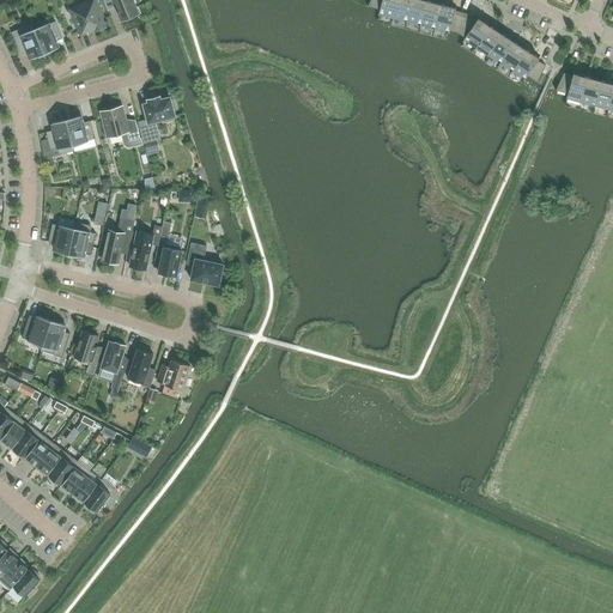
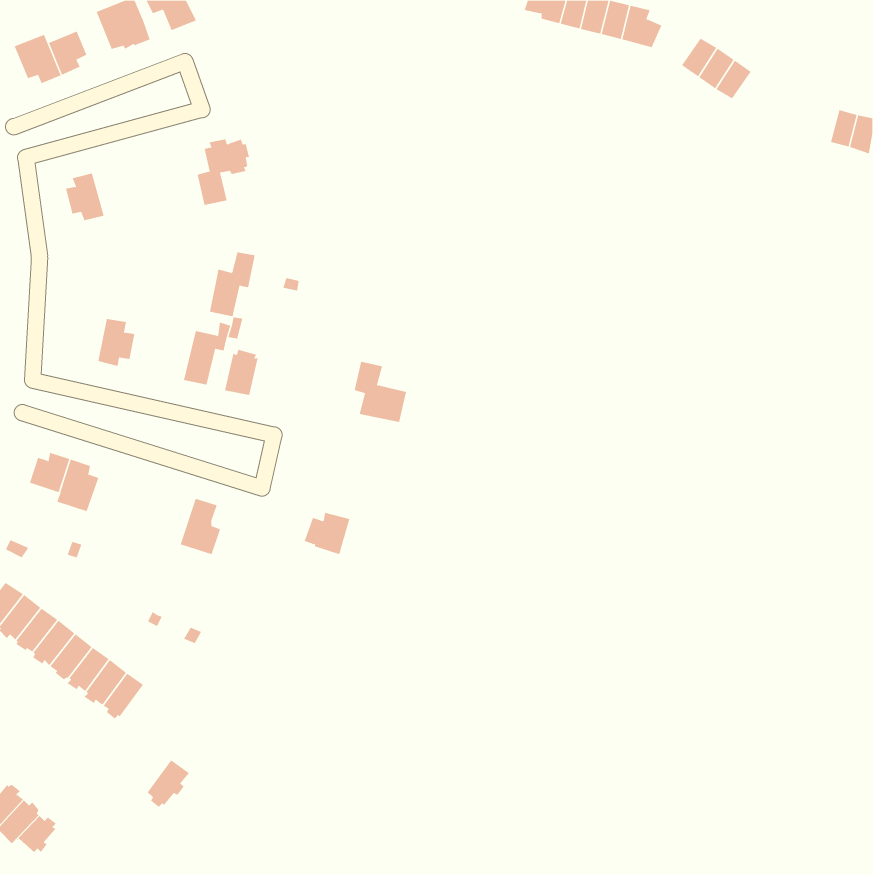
building: [456,14,490,45] -> none
building: [512,50,545,83] -> none
building: [556,73,587,99] -> none
building: [101,107,139,141] -> none
building: [65,116,93,151] -> none
building: [101,218,133,263] -> [209,252,256,317]
building: [47,223,74,253] -> none
building: [186,243,223,286] -> [354,361,407,423]
building: [73,332,101,363] -> none
building: [99,341,127,381] -> none
building: [156,360,188,390] -> [304,512,350,555]
building: [84,479,114,512] -> [147,760,190,807]

